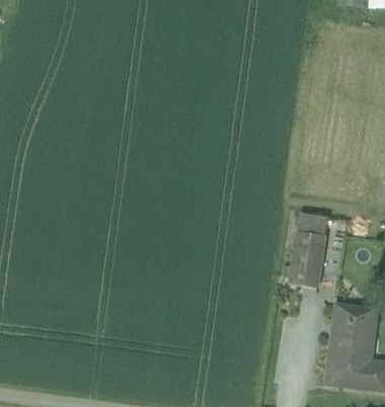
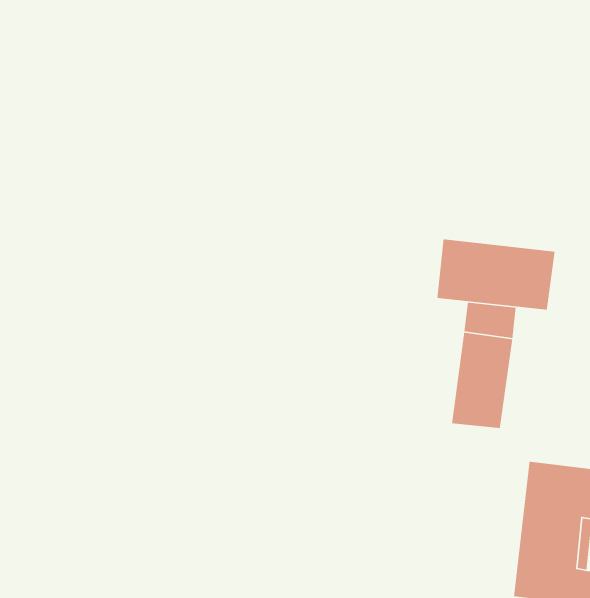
building: none -> [437,238,556,310]

